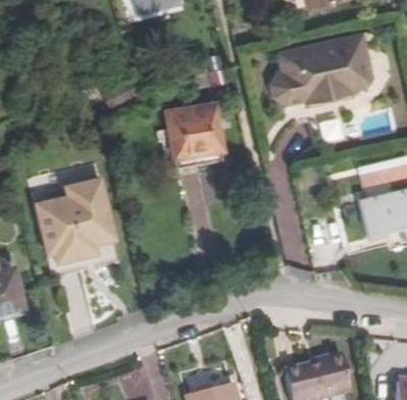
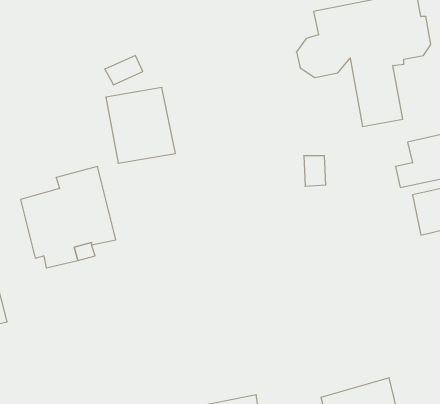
building: [166,106,224,169] -> [106,88,175,163]

